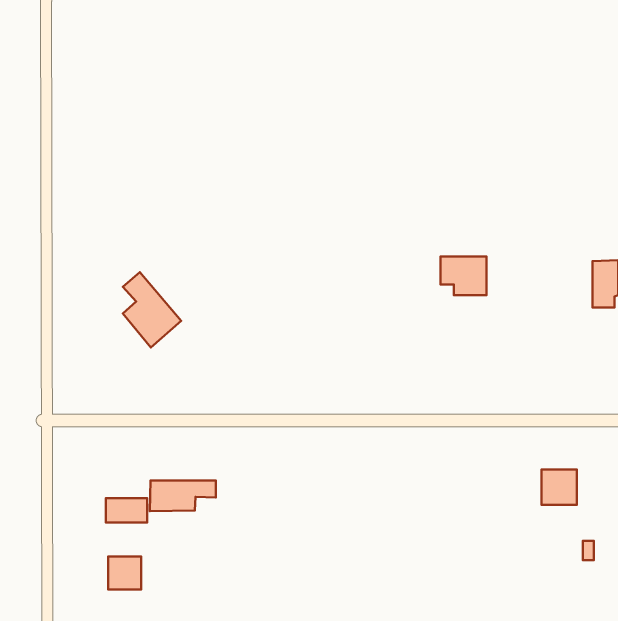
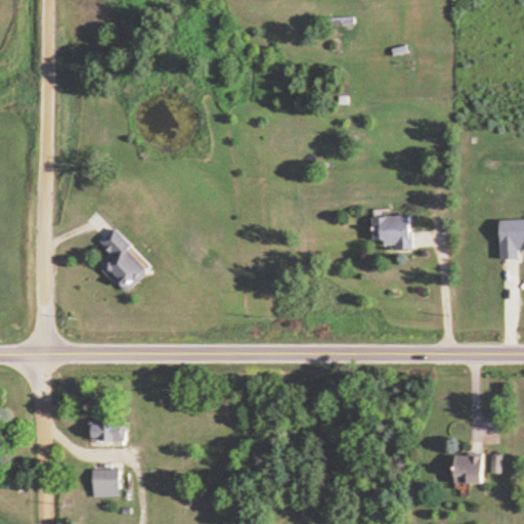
building: [541,470,577,505] -> [453,453,483,483]
building: [150,480,216,511] -> none

